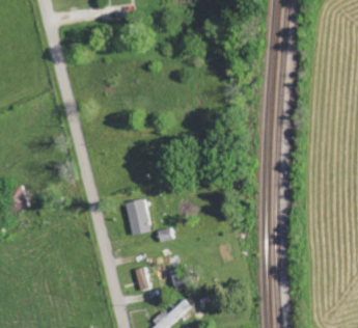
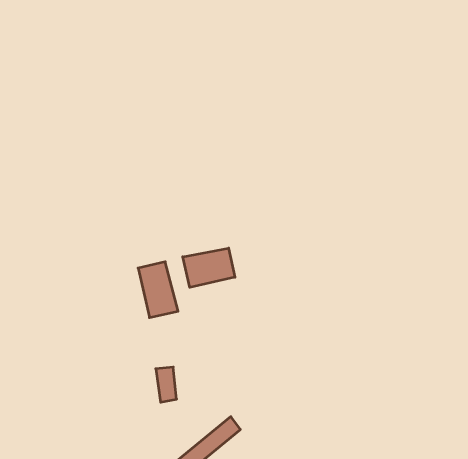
building: none -> [183,248,235,287]

